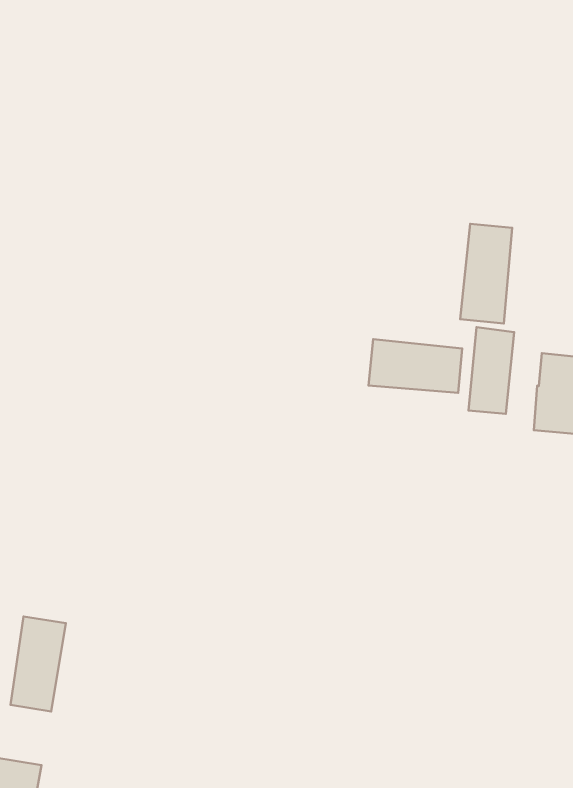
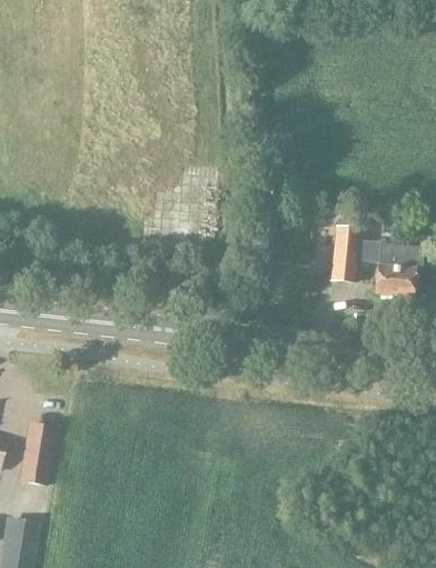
building: [460,224,512,324] -> none
building: [369,339,462,393] -> none

